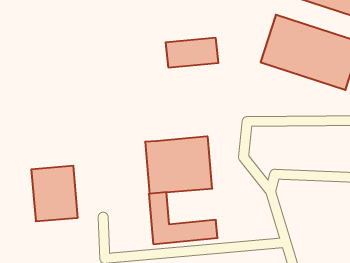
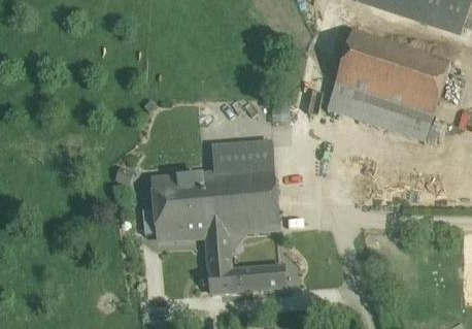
building: [166,38,218,67] -> [211,139,272,173]
building: none -> [326,83,432,140]
building: [31,166,78,221] -> [153,174,206,238]

